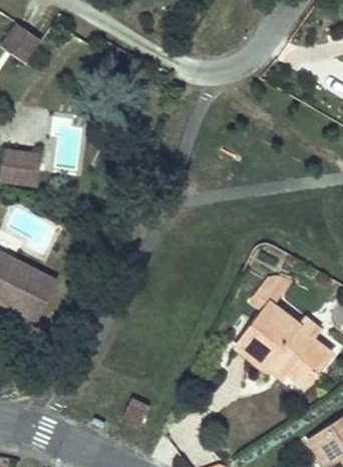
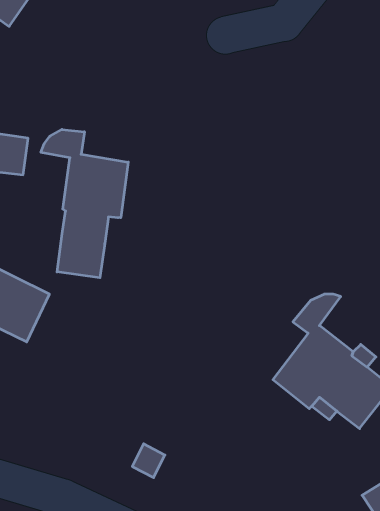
building: none -> [41,129,128,278]

